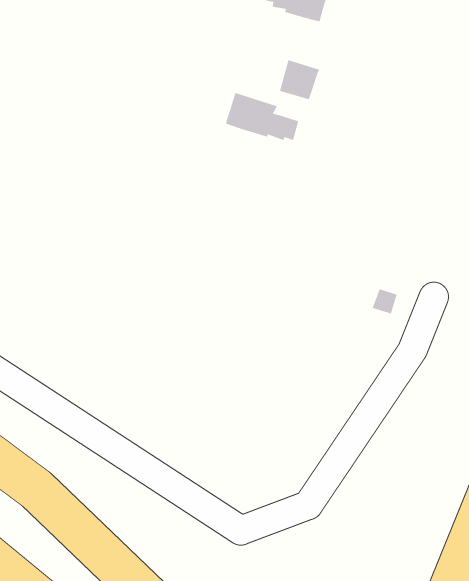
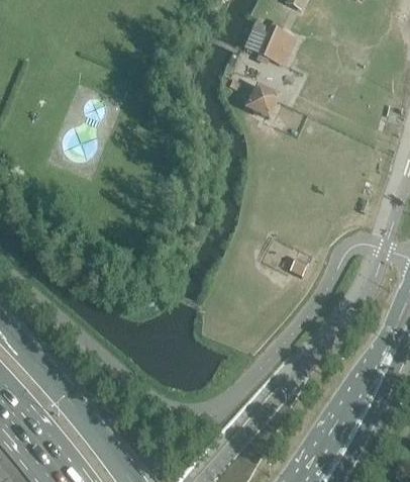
building: [225,92,299,141] -> none

